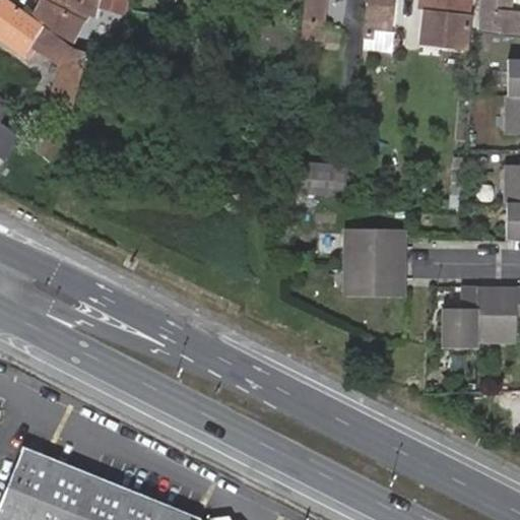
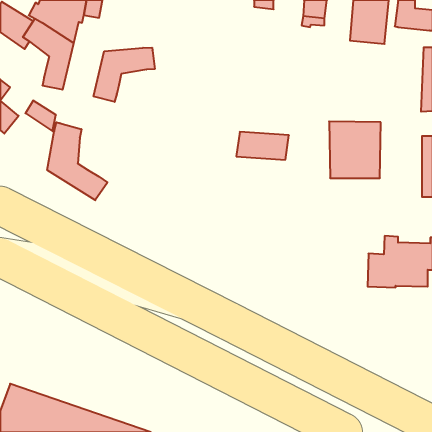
building: none -> [94,48,155,102]
building: none -> [47,122,107,200]
building: [344,228,406,296] -> [329,121,381,178]

